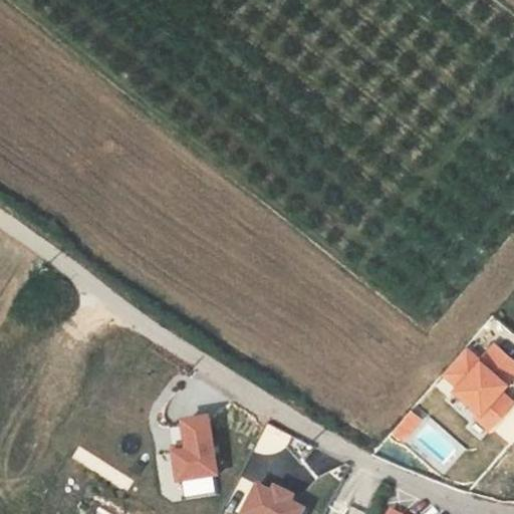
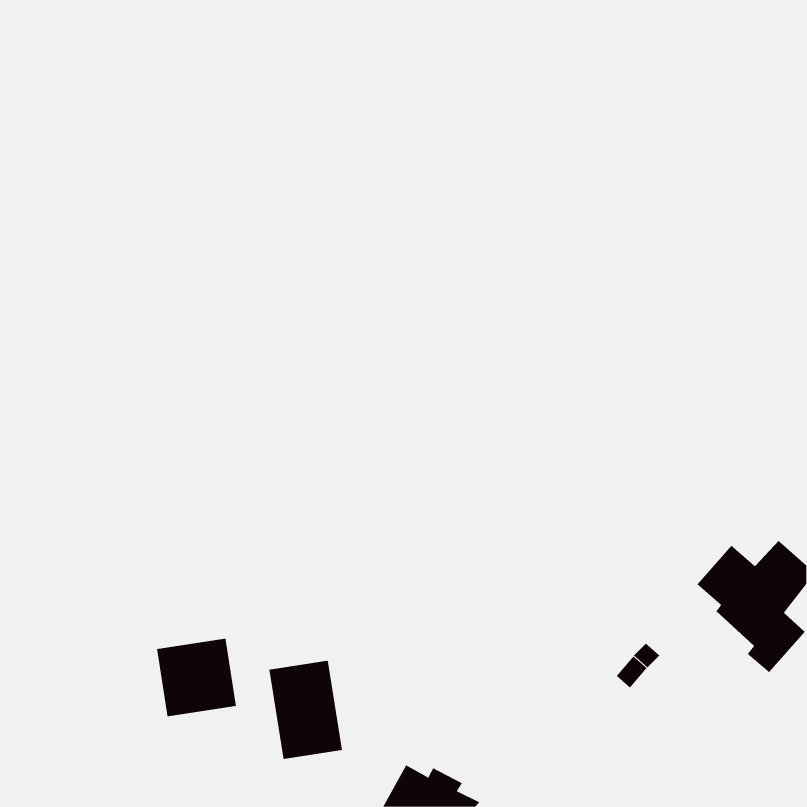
building: none -> [156,638,237,717]

